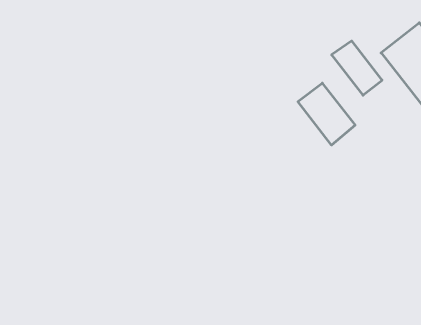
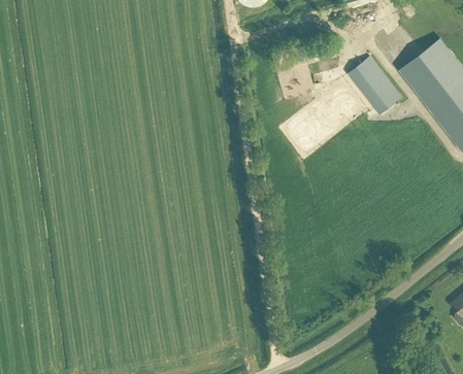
building: [298,83,355,145] -> none

